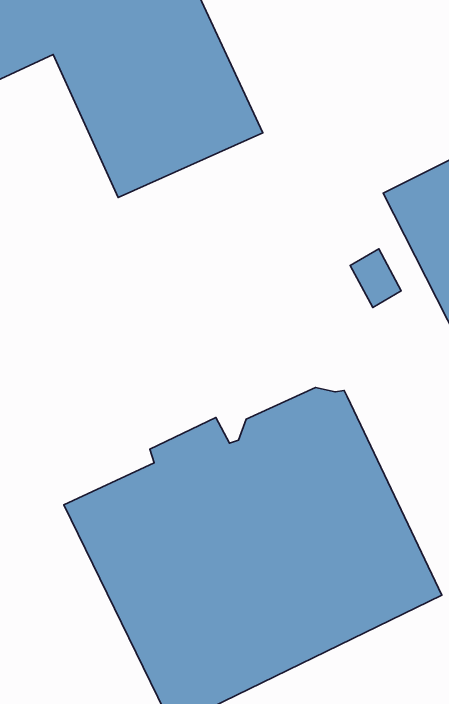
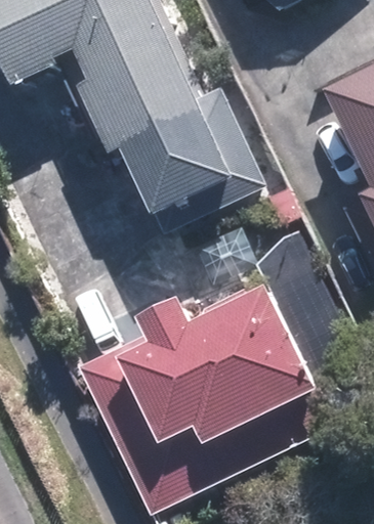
building: none -> [155,123,261,227]

